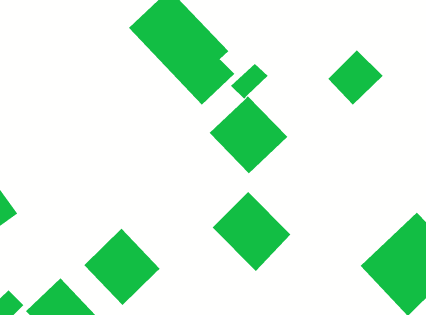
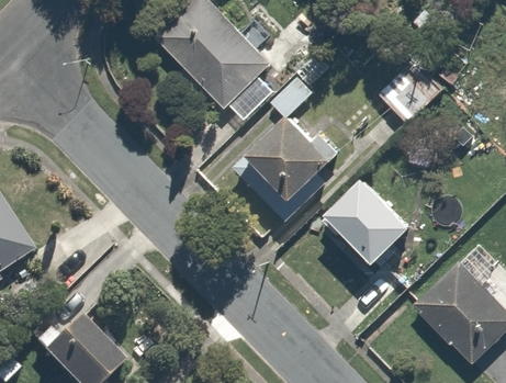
building: [212,191,291,272] -> [326,176,415,266]
building: [84,228,160,306] -> none

